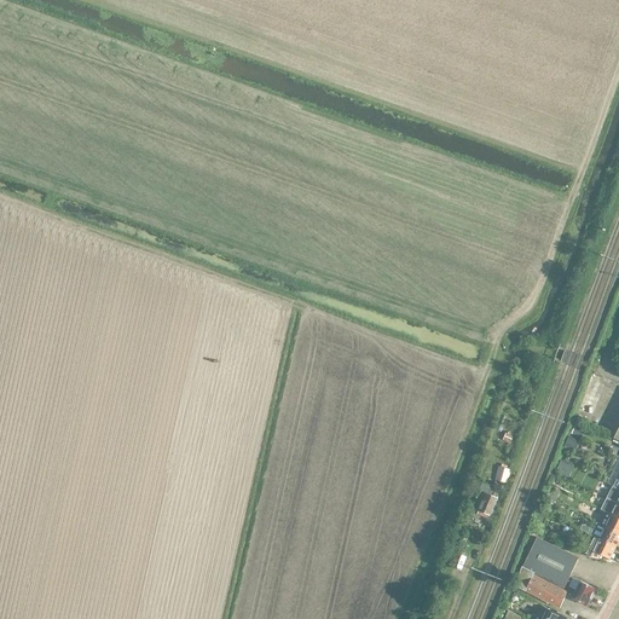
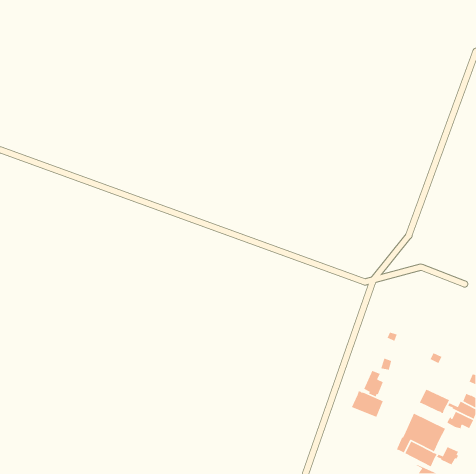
building: none -> [419,389,450,414]
building: none -> [351,390,384,418]

